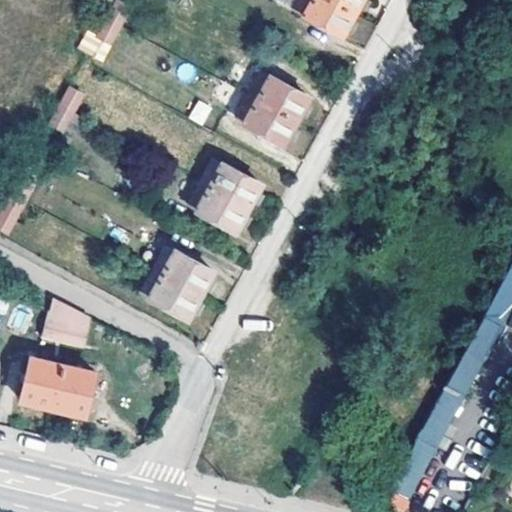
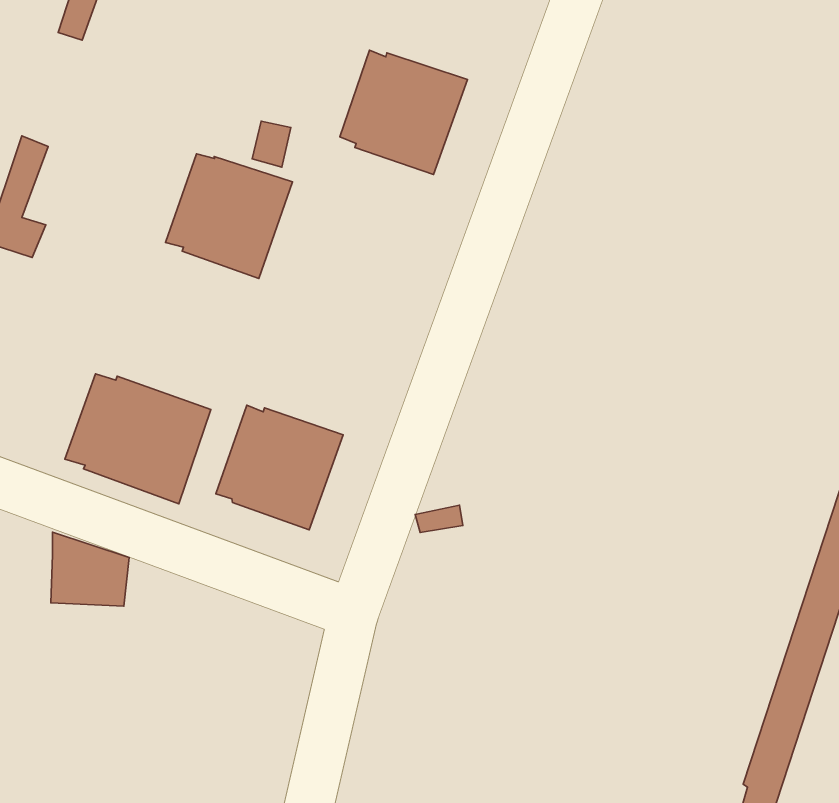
building: [189,160,261,231] -> [165,154,293,279]
building: none -> [65,374,211,504]
building: [20,357,94,416] -> none

